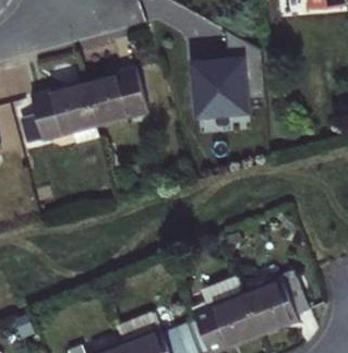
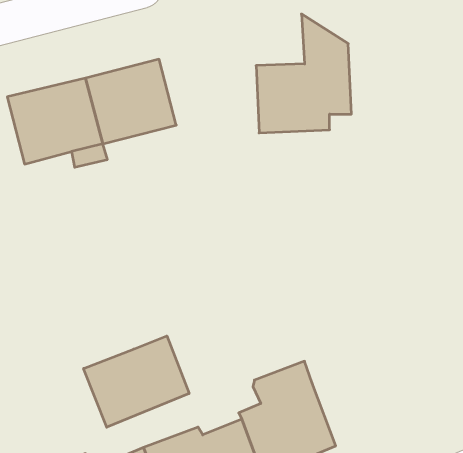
building: none -> [84,336,189,427]
building: [237,279,304,338] -> none

